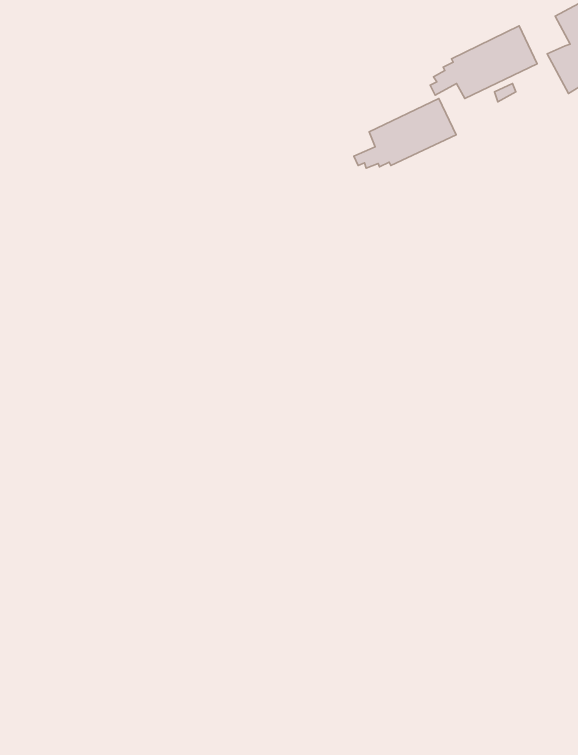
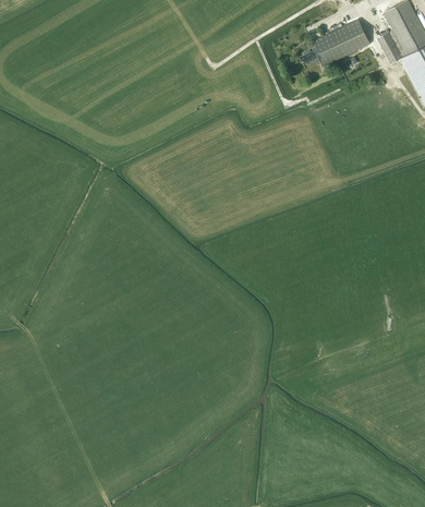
building: [354,99,456,168] -> none

